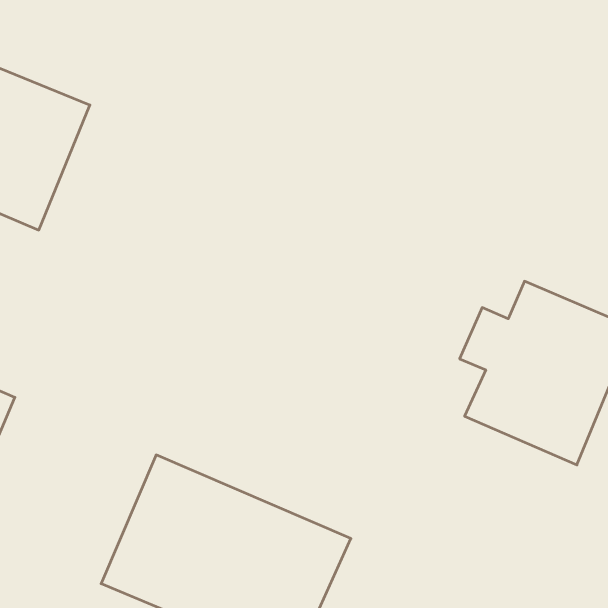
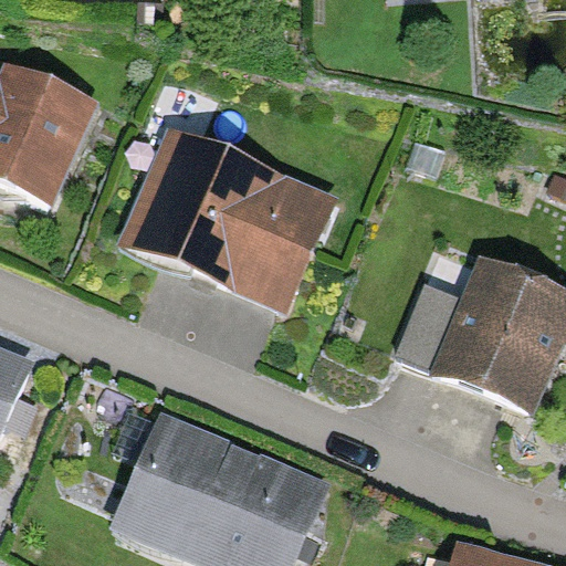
building: none -> [119,127,335,319]

